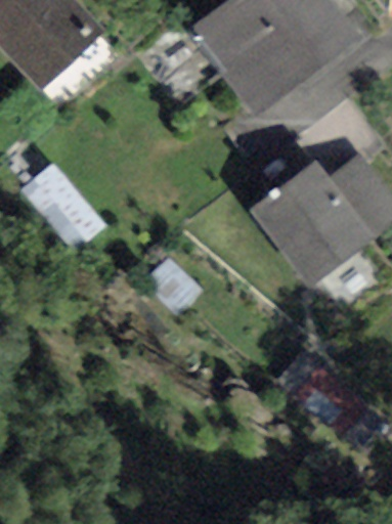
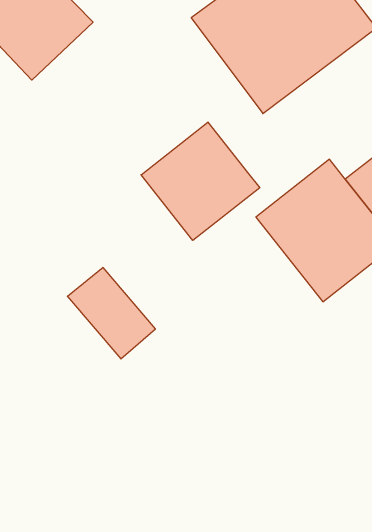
building: none -> [141,122,260,240]
building: [32,163,113,247] -> [67,268,155,359]

